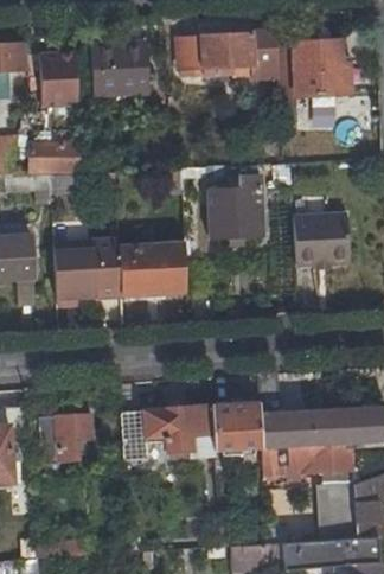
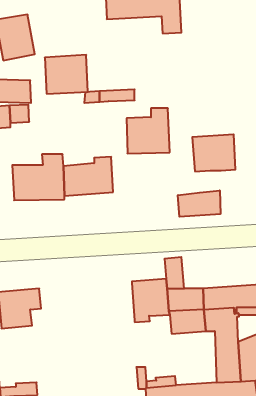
building: [294,42,348,97] -> none
building: [89,43,146,94] -> [45,55,88,94]
building: none -> [178,190,220,217]
building: [120,408,216,460] -> none

